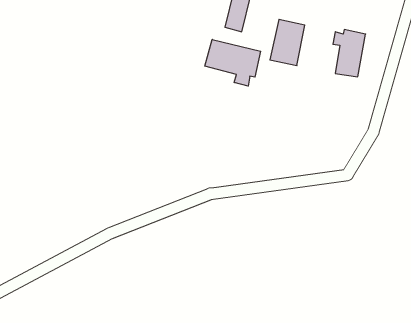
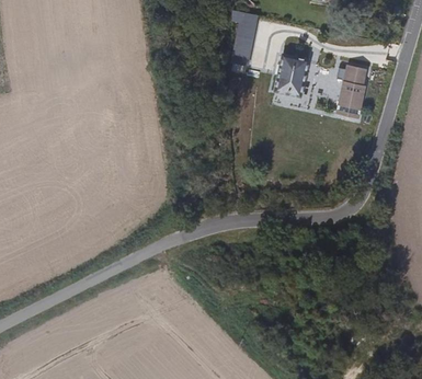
building: [205,39,261,86] -> none

